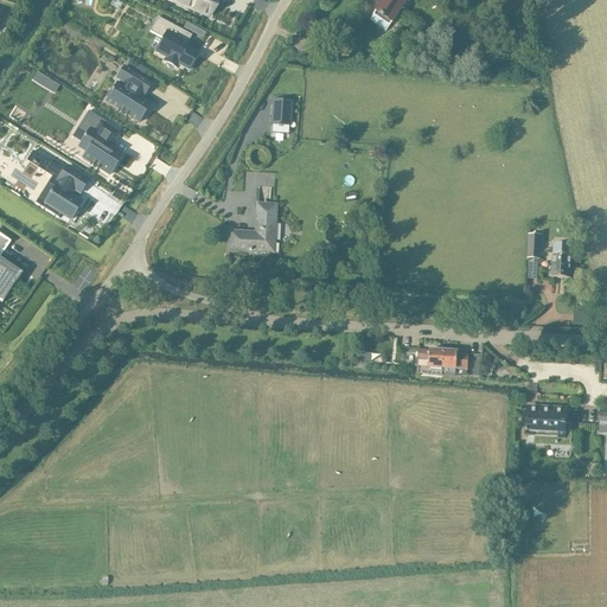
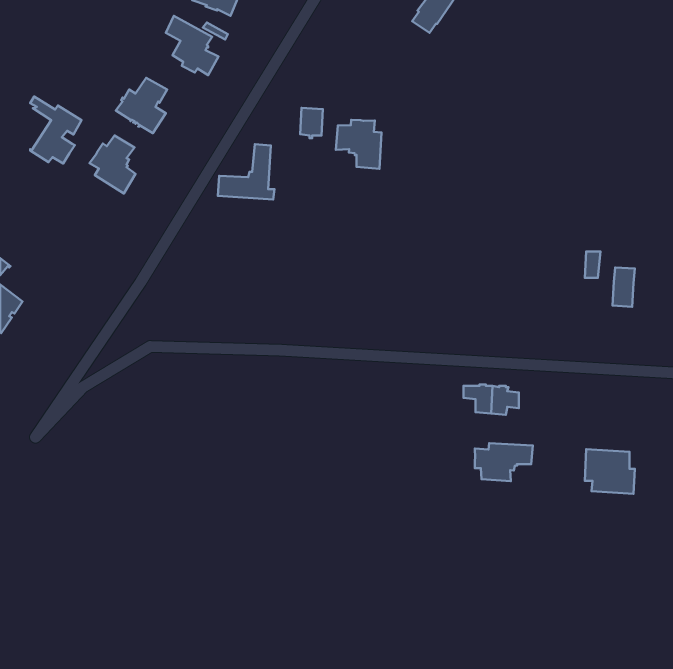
building: none -> [336,120,381,169]
building: [40,156,87,217] -> [30,96,82,164]
building: [228,202,279,251] -> [218,144,275,200]
building: none -> [475,443,533,481]

